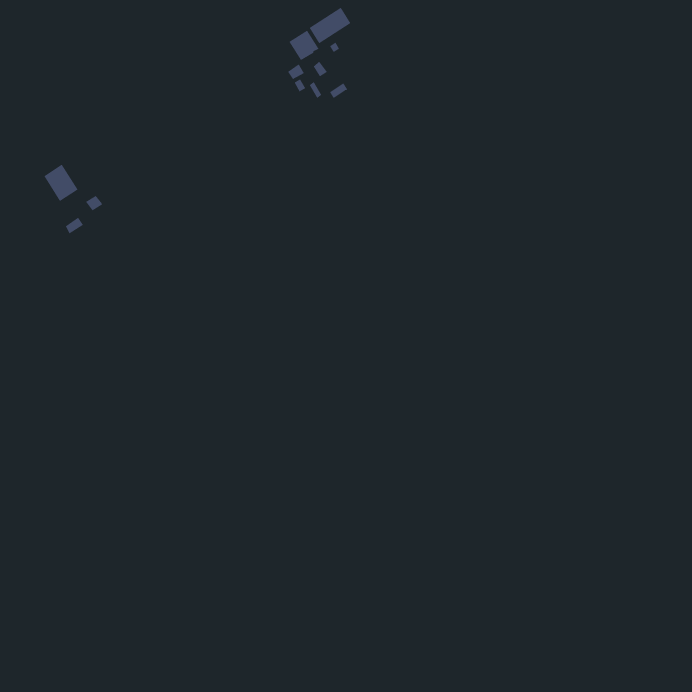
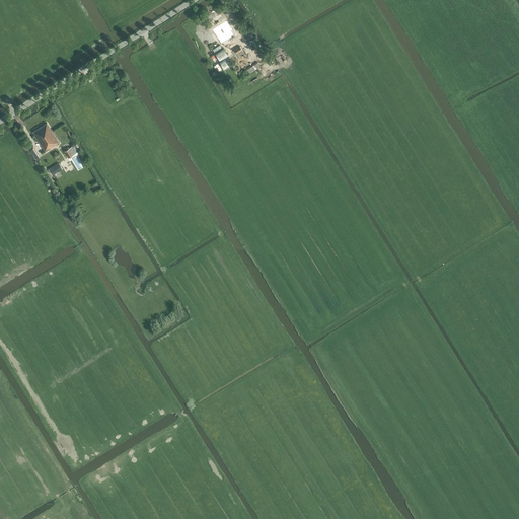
building: [309,7,351,44] -> none

